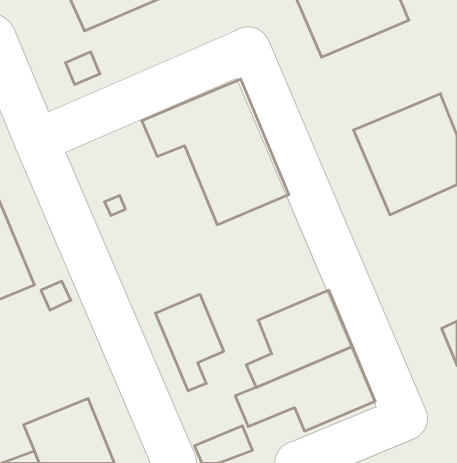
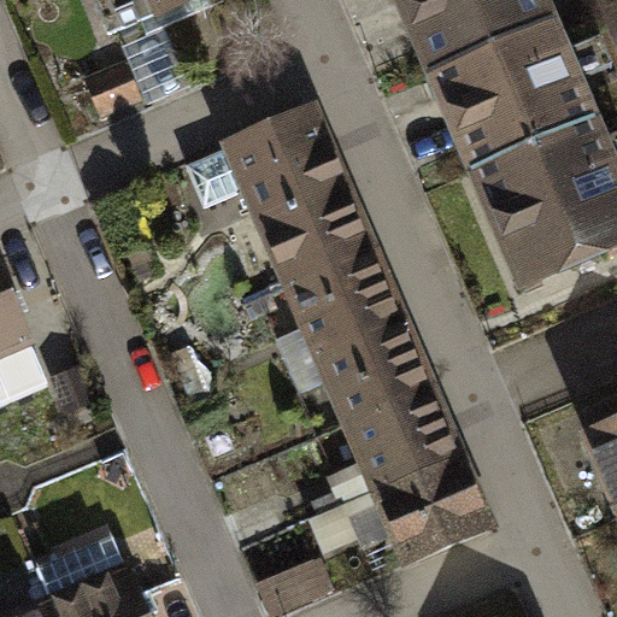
building: none -> [427,27,584,172]
building: none -> [278,258,436,424]
building: [155,294,224,391] -> none

